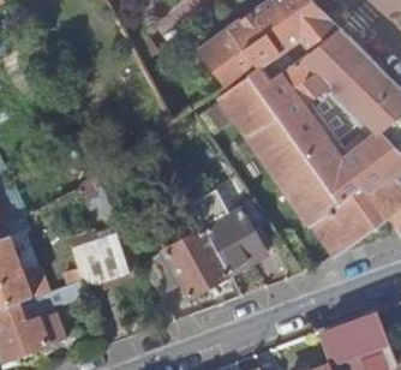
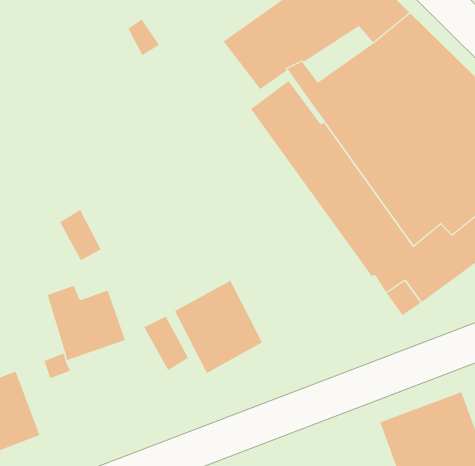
building: [191,192,267,274] -> none

